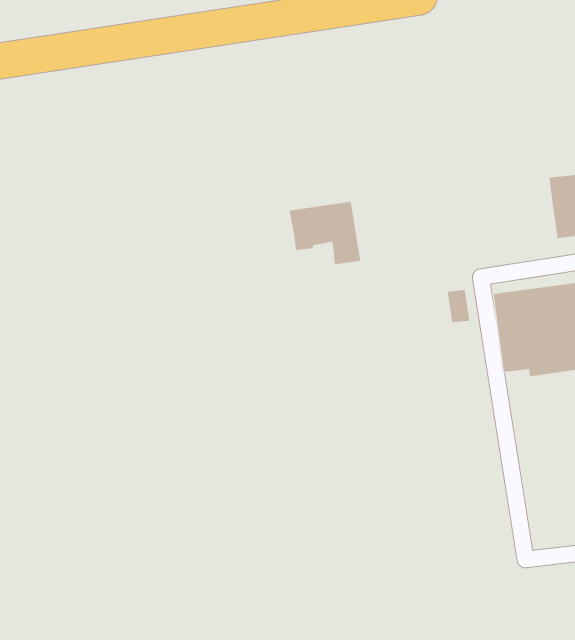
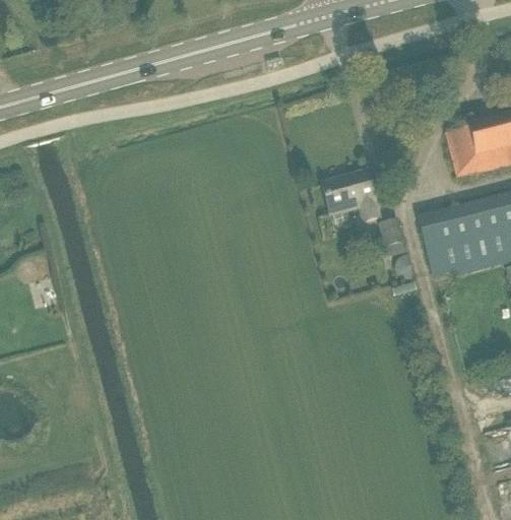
building: [289,201,361,265] -> [325,172,382,219]

